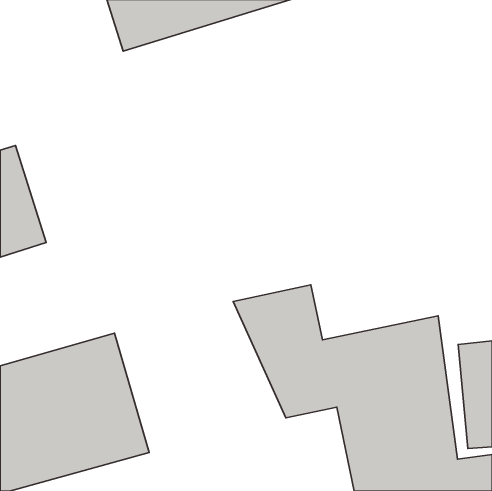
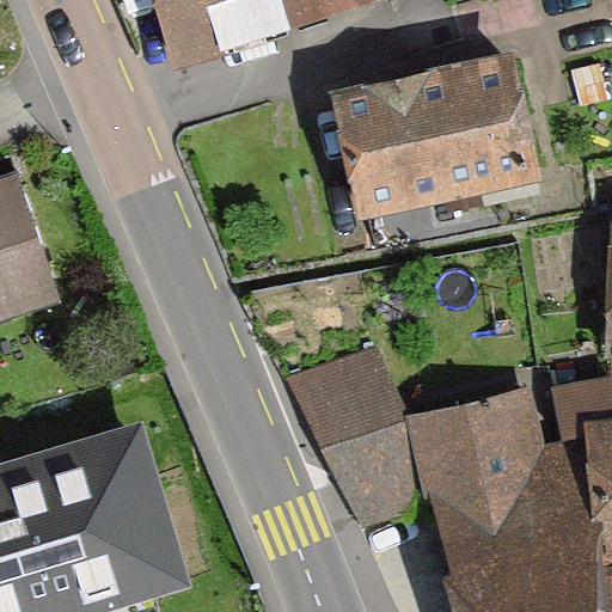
building: none -> [320,72,538,230]

